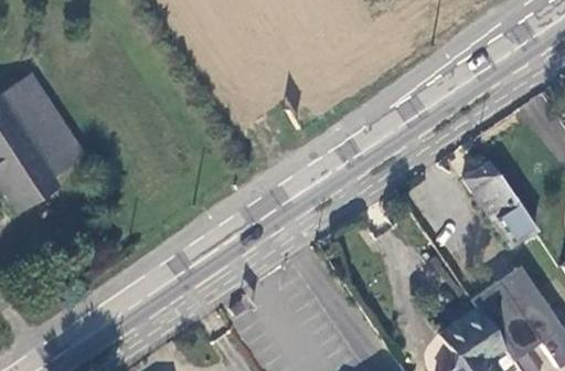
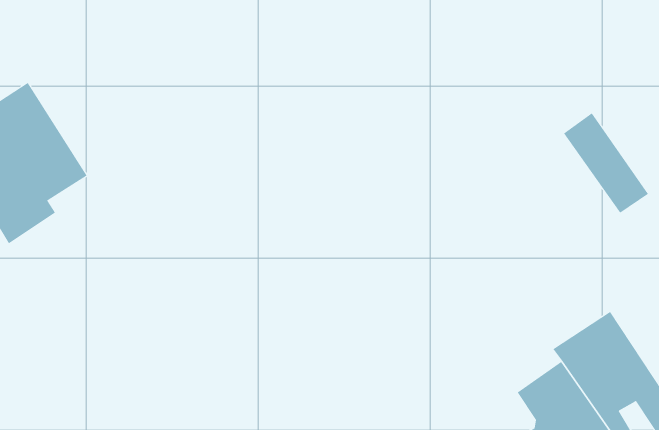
building: [465,161,536,246] -> [563,112,649,214]

